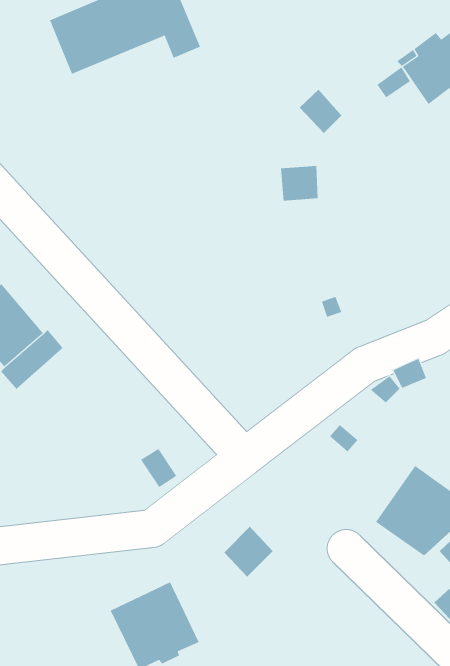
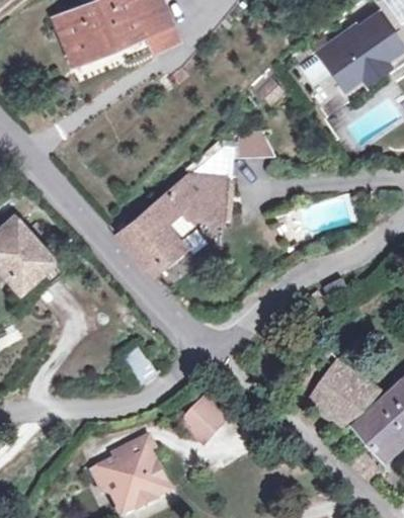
building: none -> [112,172,234,271]

